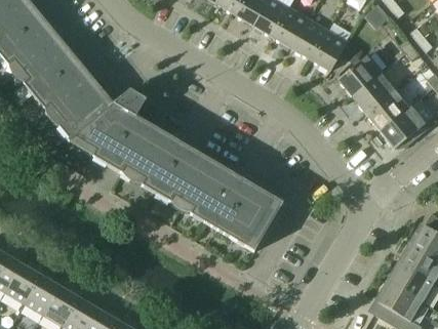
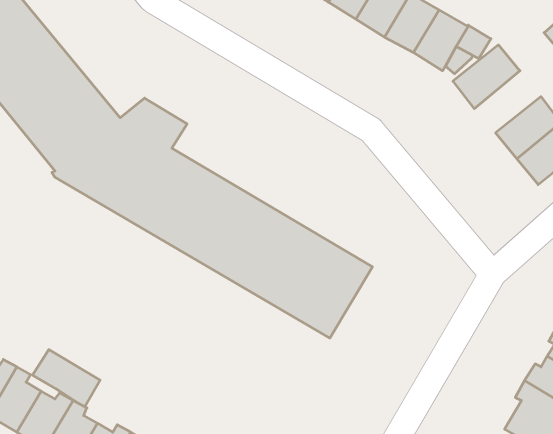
building: [351,71,396,113] -> none
building: none -> [33,350,100,407]

